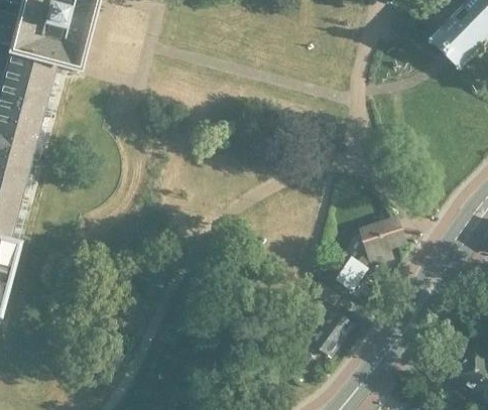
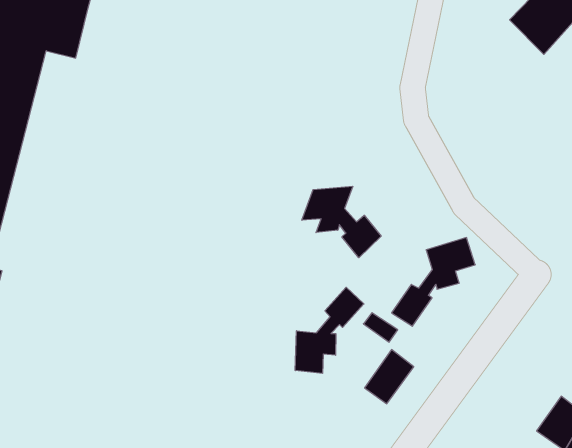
building: none -> [302,186,381,258]
building: none -> [295,287,364,373]

